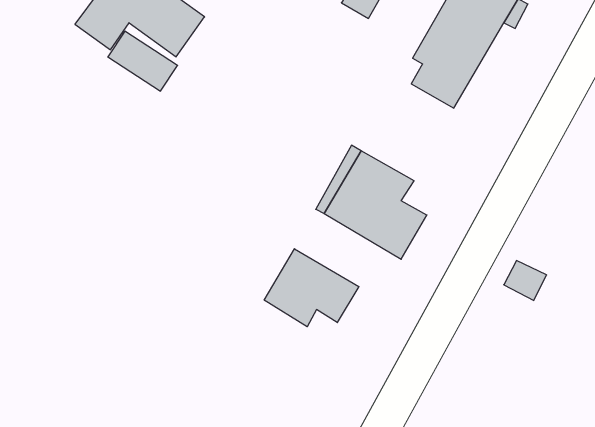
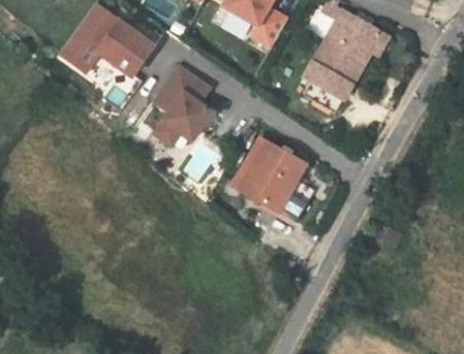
building: none -> [152,62,212,143]
building: [264,249,359,327] -> none

